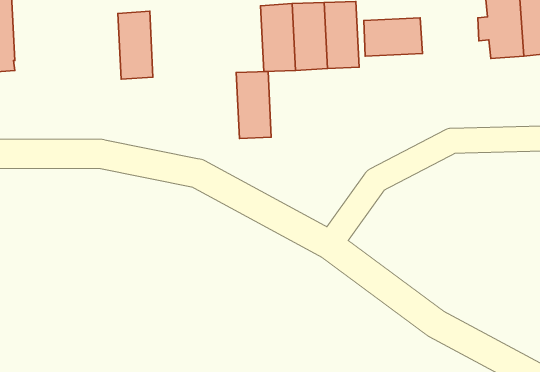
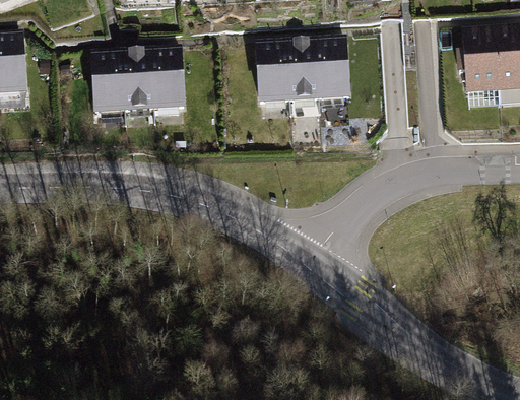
building: none -> [94,52,127,114]
building: [364,18,423,56] -> none
building: [236,71,271,138] -> [153,49,186,111]

